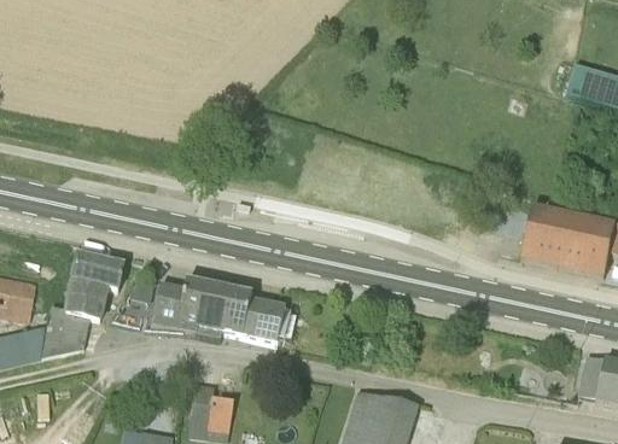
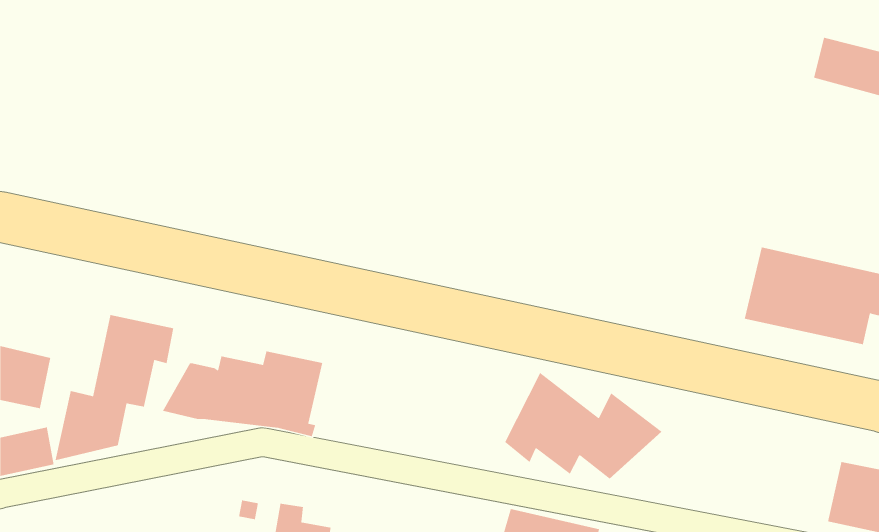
building: [217,287,286,343] -> none
building: none -> [504,372,662,479]

